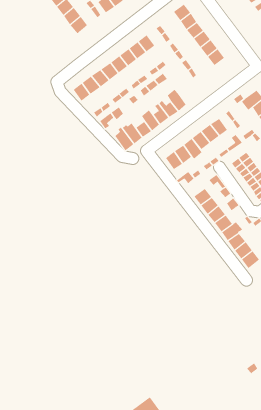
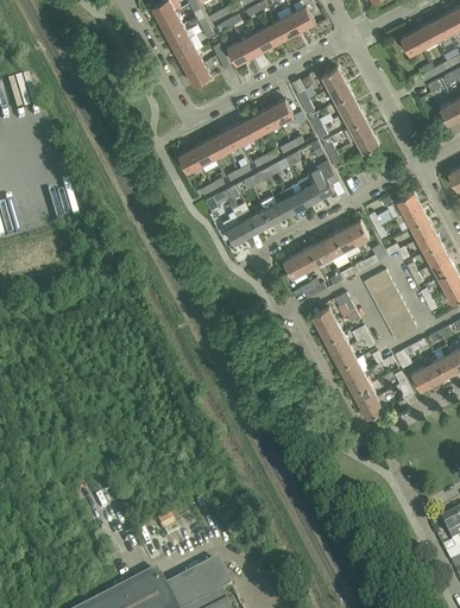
building: none -> [305,159,336,197]

